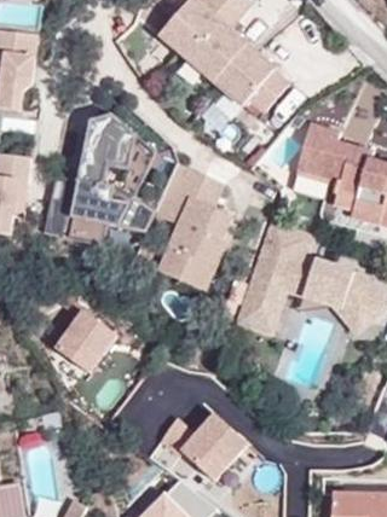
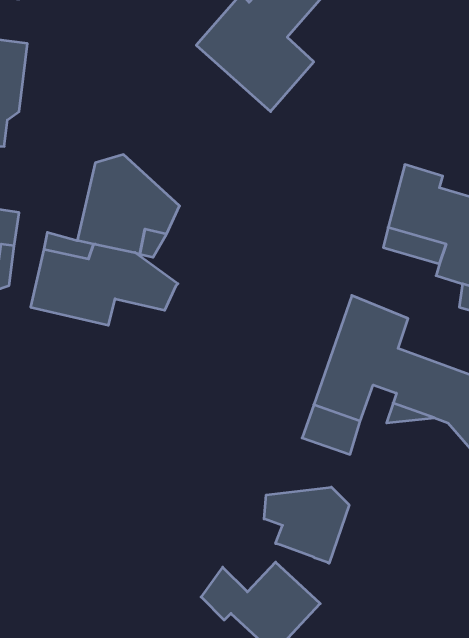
building: [214,46,289,112] -> none
building: [145,159,223,285] -> none
building: [58,308,120,371] -> none
building: none -> [264,487,349,563]

